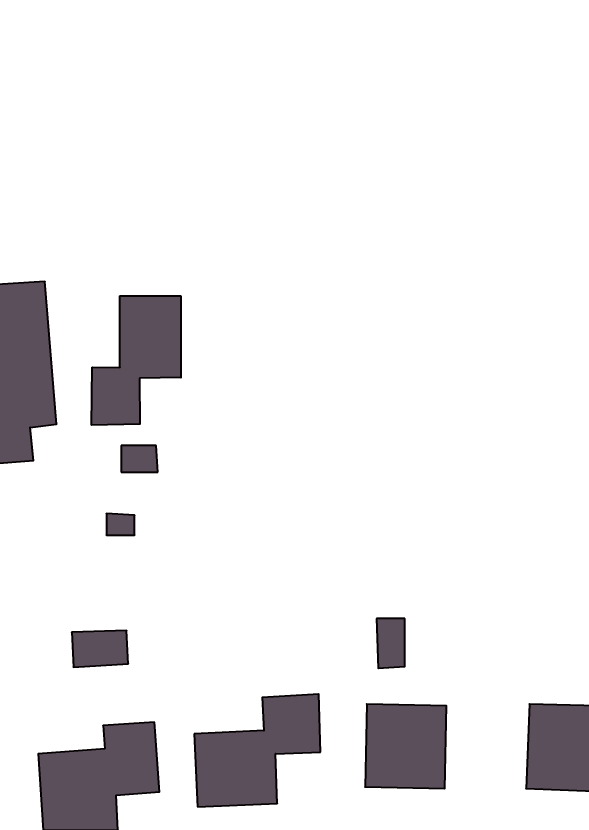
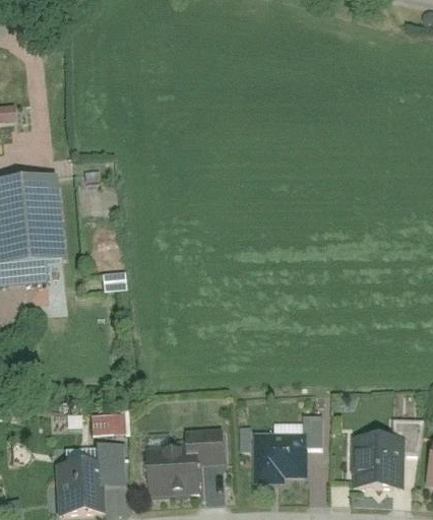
building: [92,296,181,425] -> none
building: [377,619,405,668] -> [306,413,323,444]
building: [72,631,128,667] -> [88,413,123,436]

